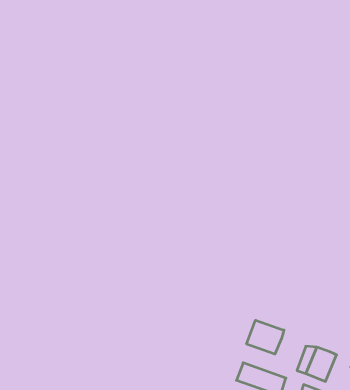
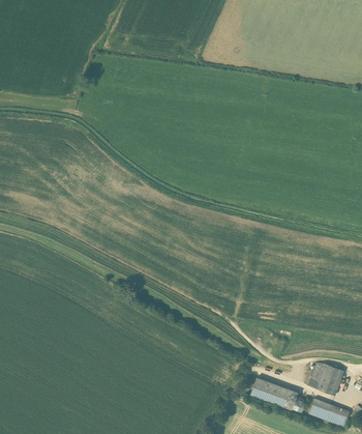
building: [247,320,284,354] -> none

